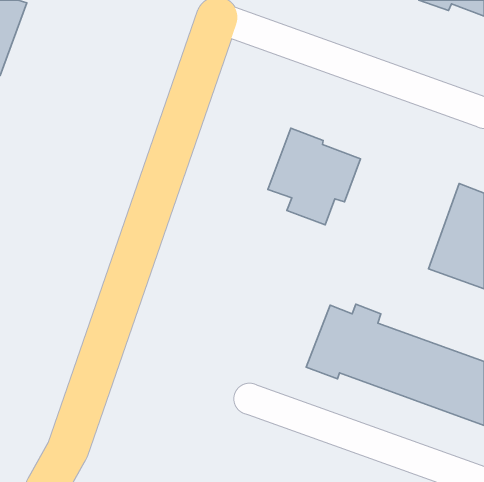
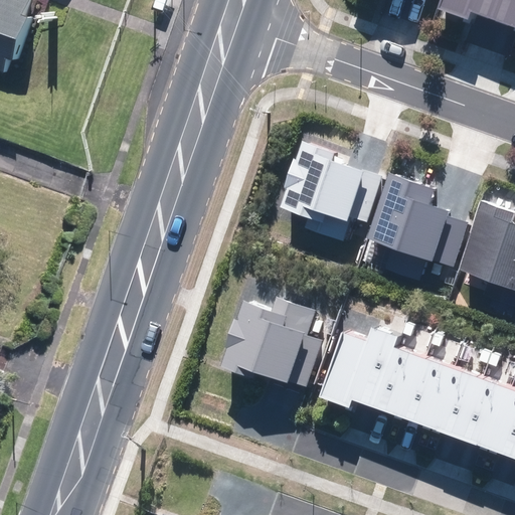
building: none -> [358,173,465,284]
building: none -> [223,297,331,389]

